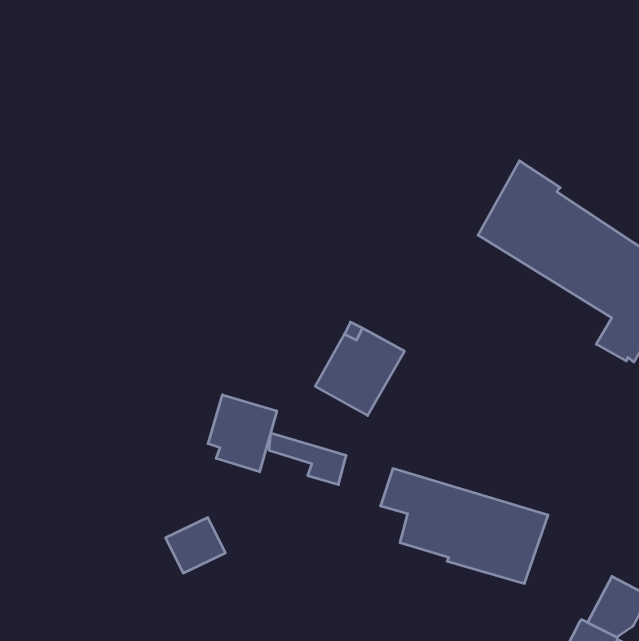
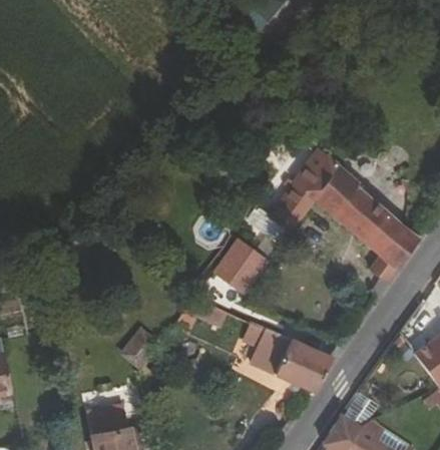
building: none -> [249,149,340,247]
building: [208,395,277,472] -> none

